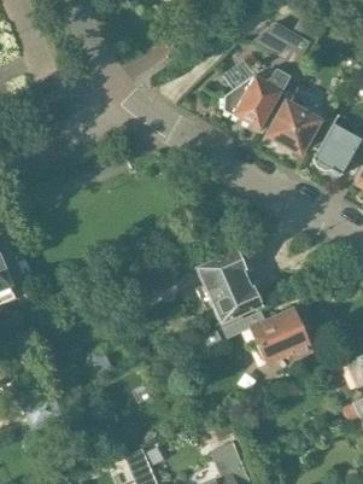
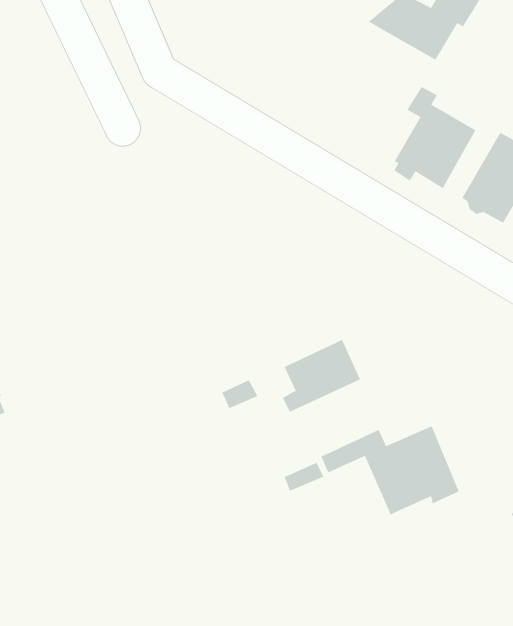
building: [226,69,292,129] -> none
building: [201,276,260,321] -> none

